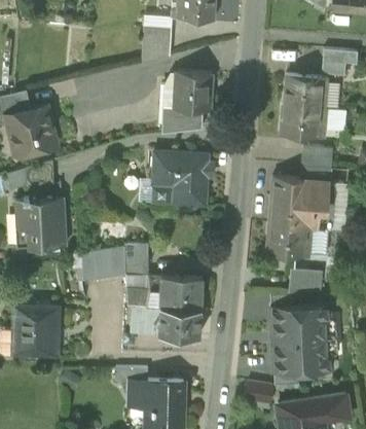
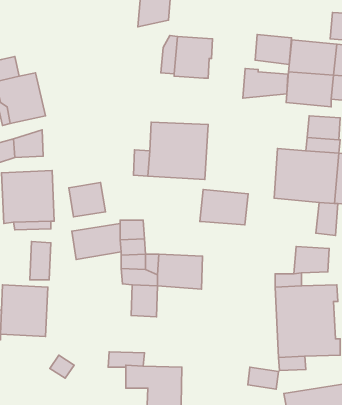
building: none -> [255,34,292,64]
building: [161,105,204,133] -> [243,69,288,98]
building: none -> [69,183,105,217]
building: [266,222,312,255] -> [200,190,248,225]
building: none -> [30,241,51,280]
building: [159,305,202,335] -> none

